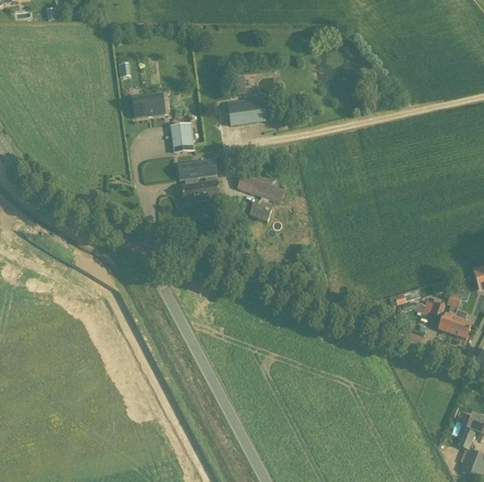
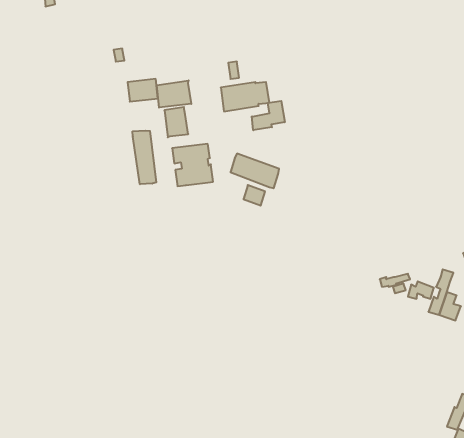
building: none -> [157,80,191,108]
building: none -> [252,101,285,130]
building: none -> [133,131,156,184]

